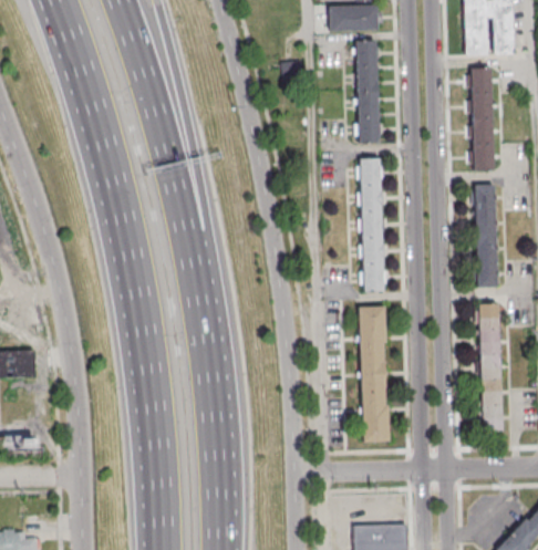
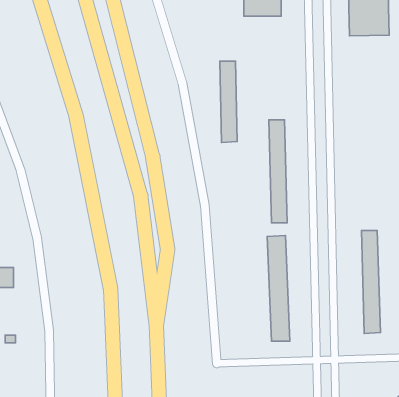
building: [356,42,379,146] -> [220,61,237,142]
building: [472,69,495,173] -> none
building: [476,186,499,290] -> none

